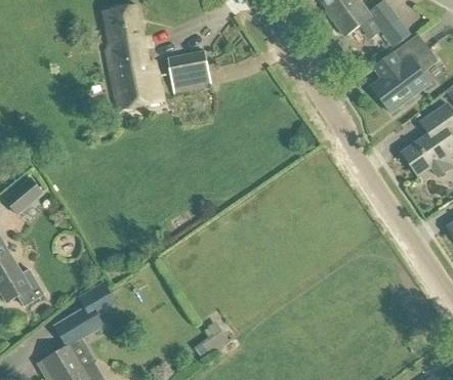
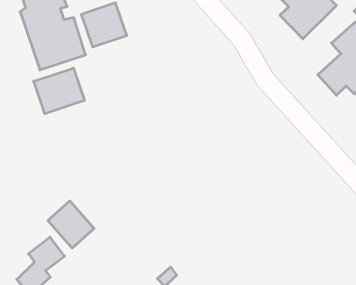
building: none -> [34,68,84,114]
building: none -> [48,201,94,248]

